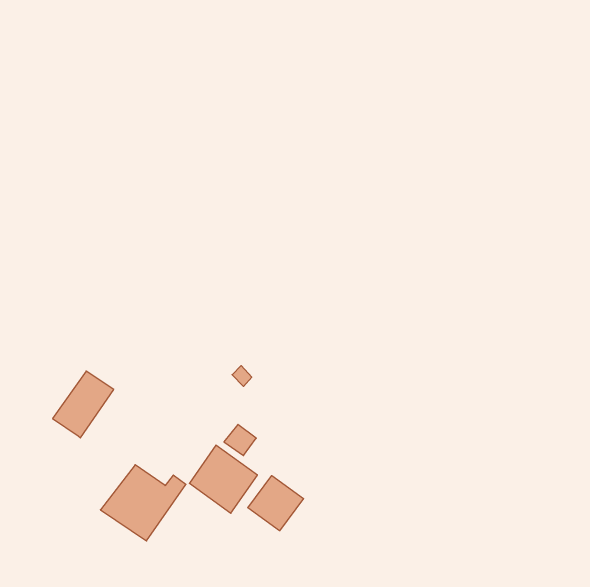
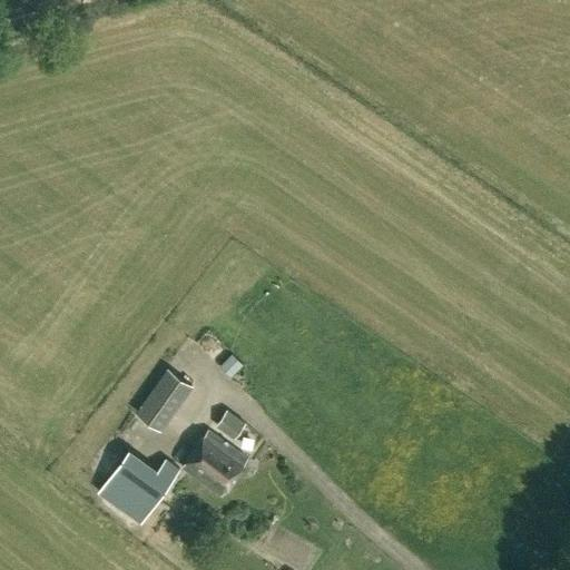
building: [53,371,114,438] -> [135,368,194,433]
building: [248,476,304,531] -> none

